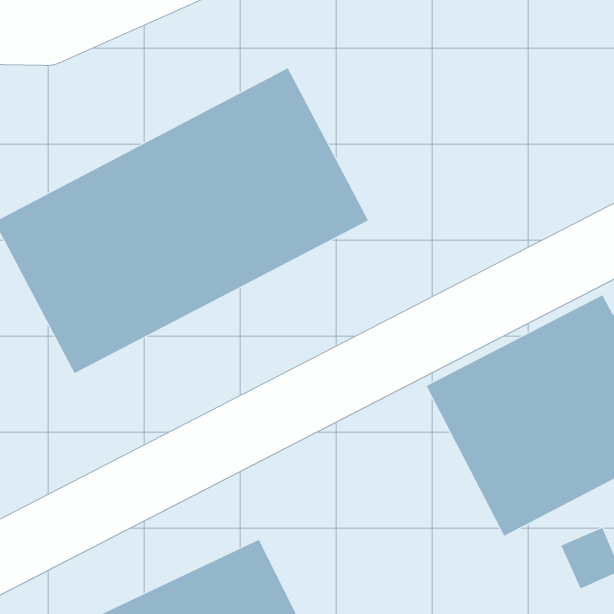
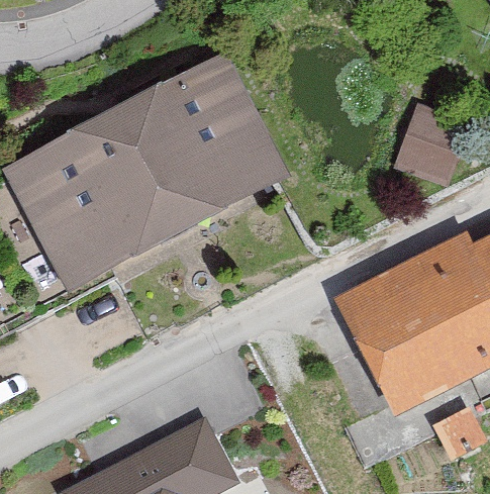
building: none -> [397,100,466,181]

